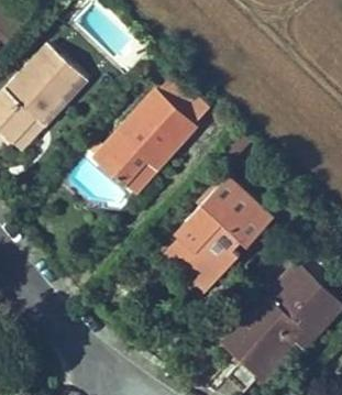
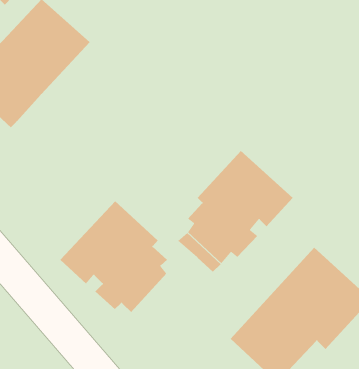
building: [88,83,200,196] -> none
building: none -> [60,200,168,313]

